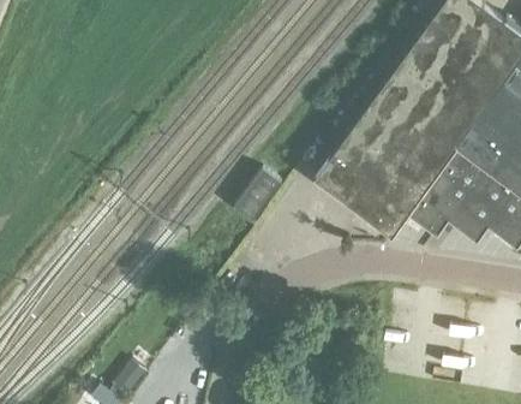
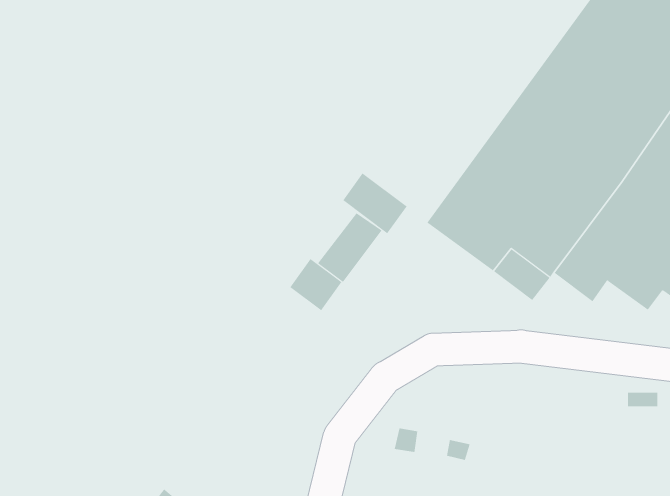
building: none -> [342,172,407,234]
building: none -> [289,258,342,311]

